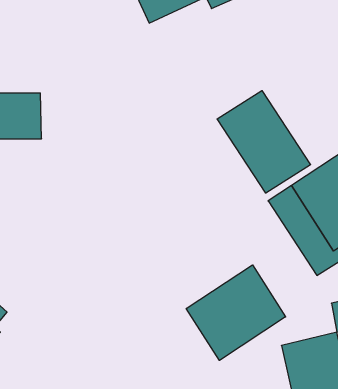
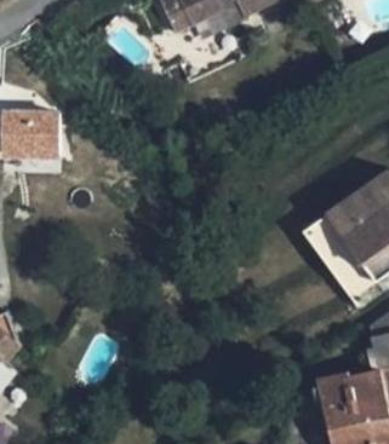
building: [217,91,311,193] -> none
building: [186,265,286,360] -> none

